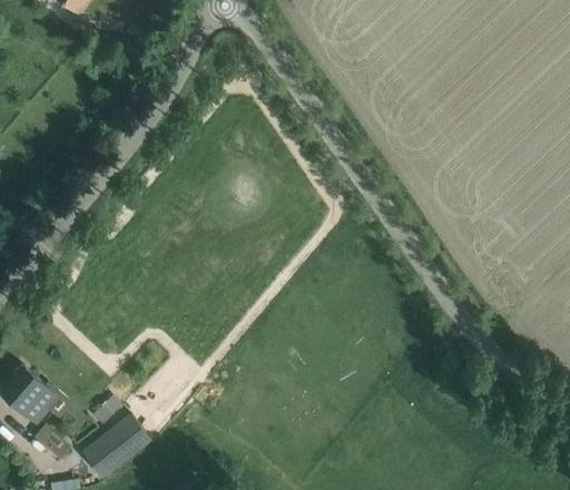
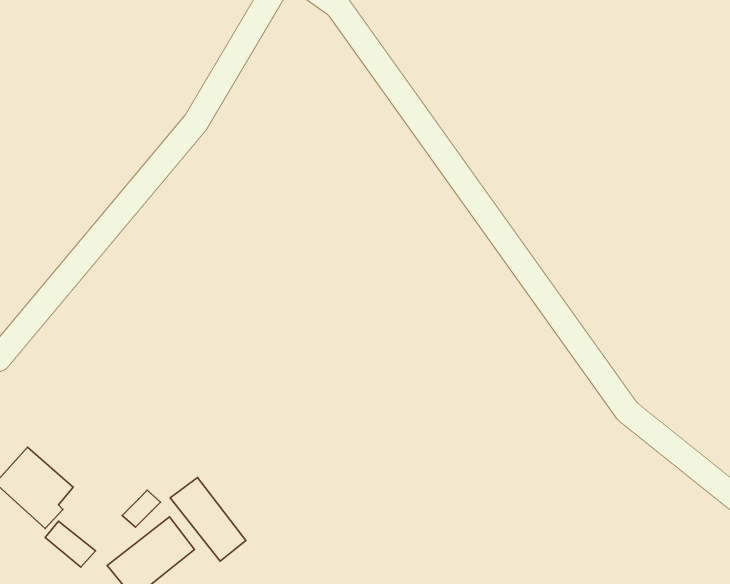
building: none -> [170,478,246,561]

